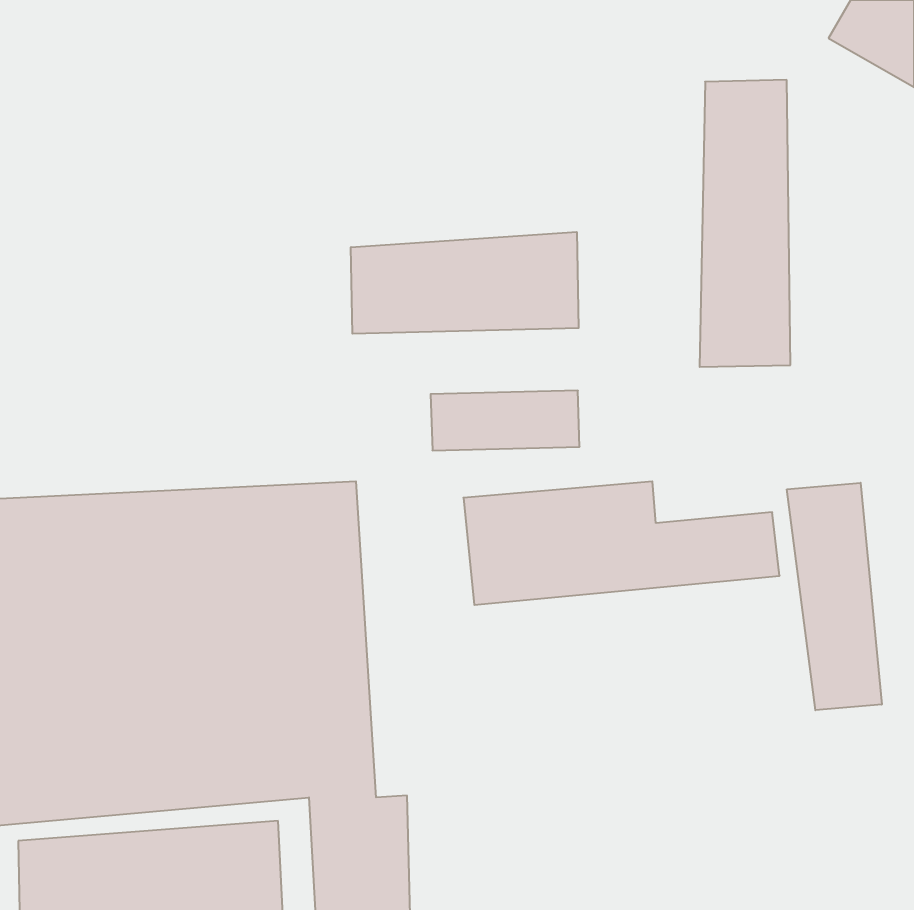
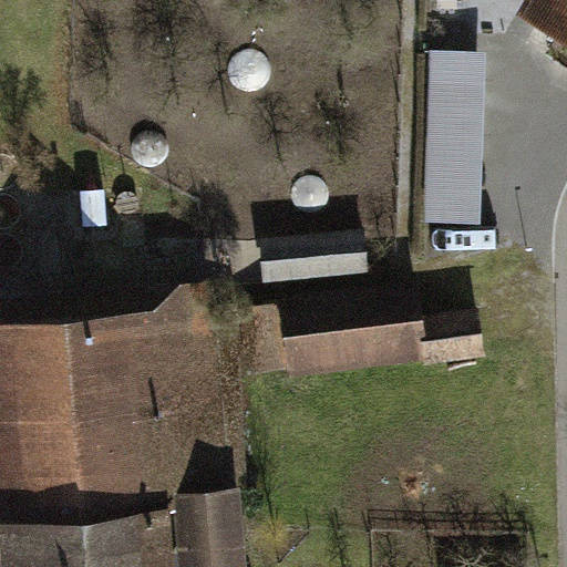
building: [351,232,579,334] -> none
building: [787,483,882,710] -> none

